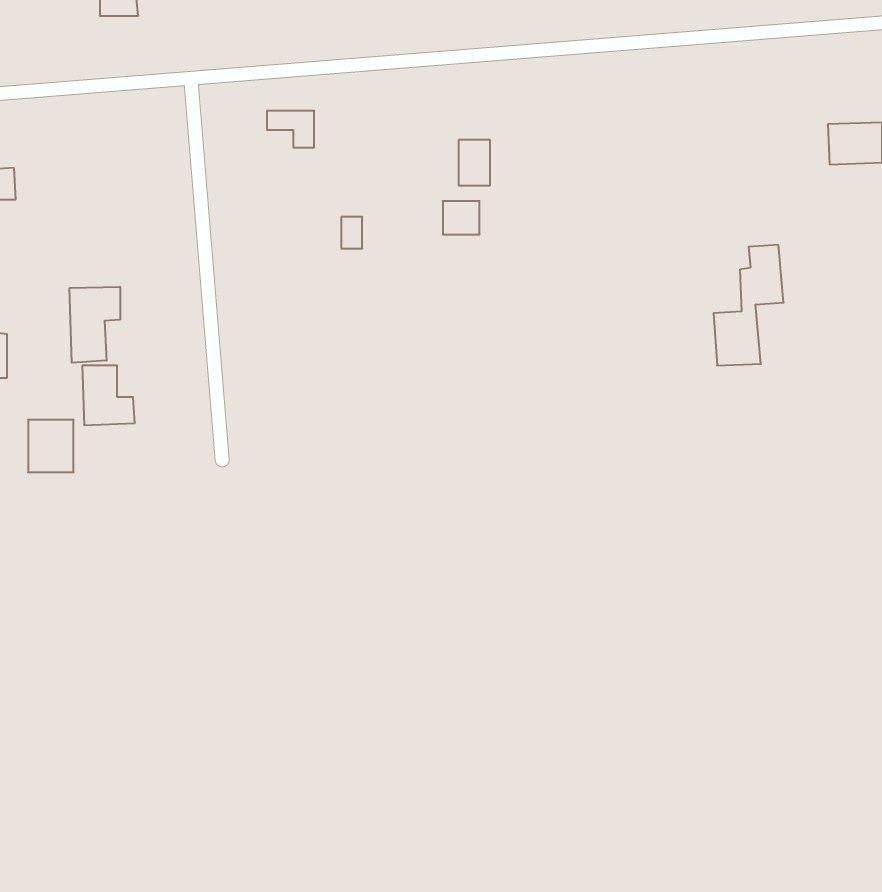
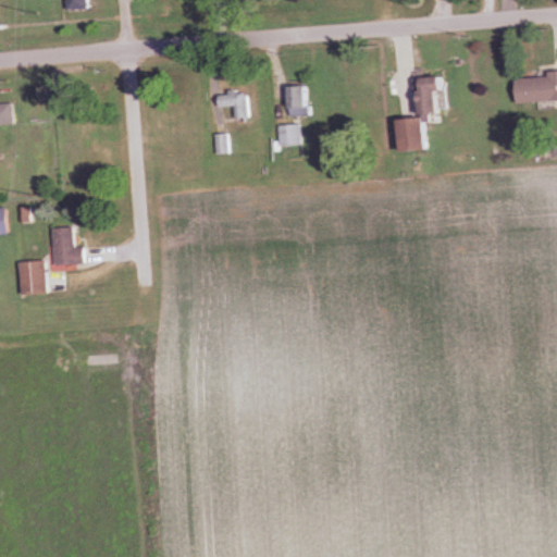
building: [267,111,314,147] -> [215,95,245,117]
building: [714,245,784,366] -> [401,76,445,151]
building: [70,287,120,363] -> none

